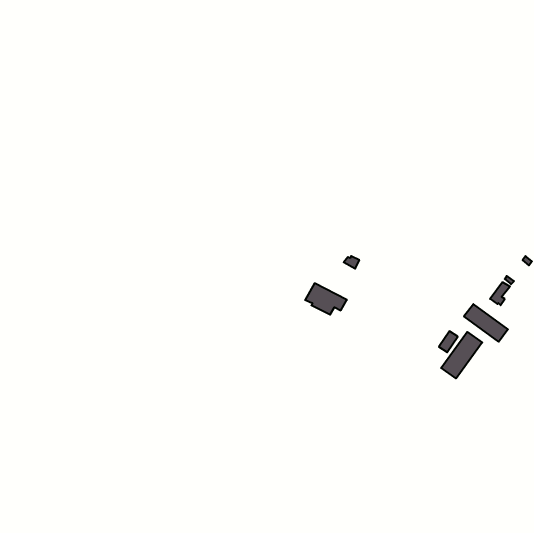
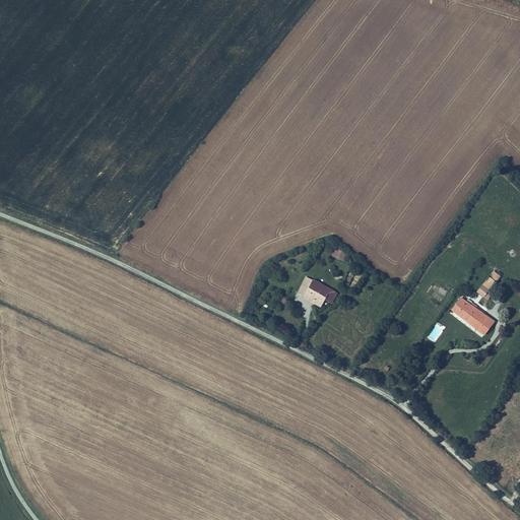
building: [441,332,482,378] -> none

